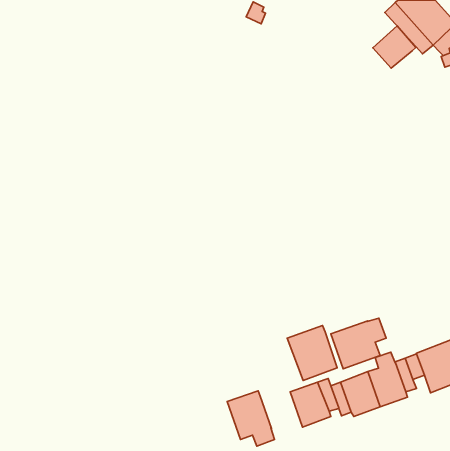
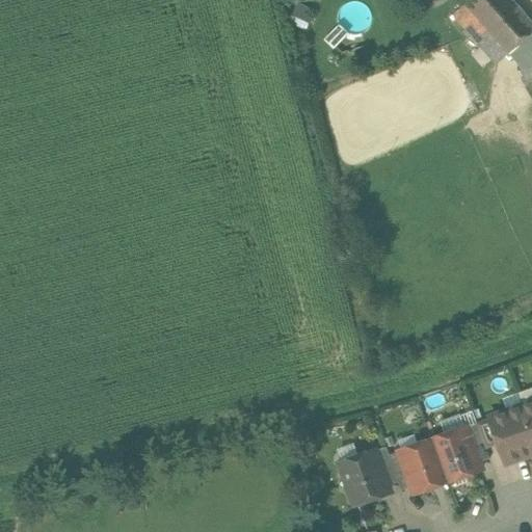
building: [373,26,416,68] -> none
building: [331,318,386,369] -> none
building: [287,326,337,380] -> none
building: [227,391,274,446] -> none

